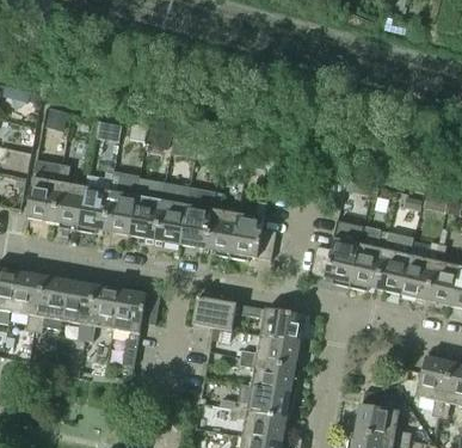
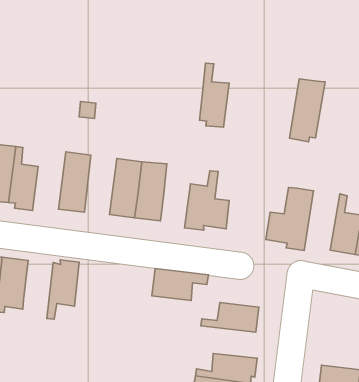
building: [76,172,113,233] -> none
building: [129,178,165,239] -> none
building: [205,191,238,257] -> [199,63,229,127]
building: [349,227,388,291] -> [289,79,325,142]
building: [62,281,94,340] -> none
building: [113,286,160,364] -> none
building: [248,306,304,342] -> none
building: [239,357,298,393] -> none

